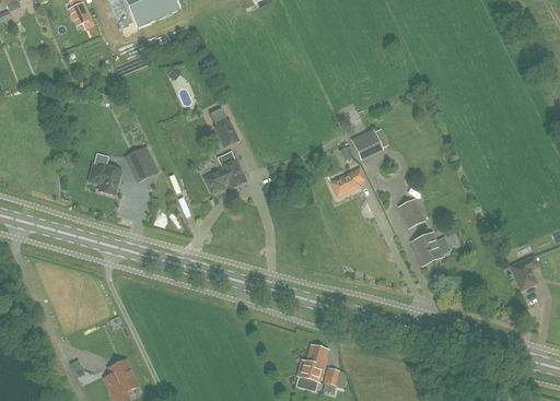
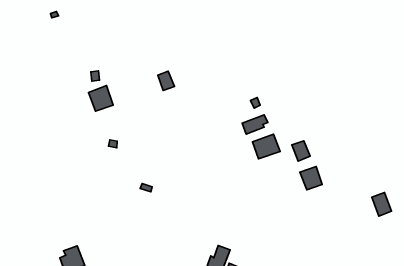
building: [353,127,381,156] -> none
building: [205,161,246,193] -> none
building: [89,165,120,194] -> none
building: none -> [253,134,280,159]

